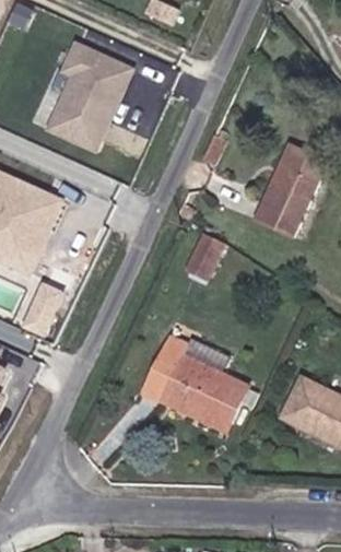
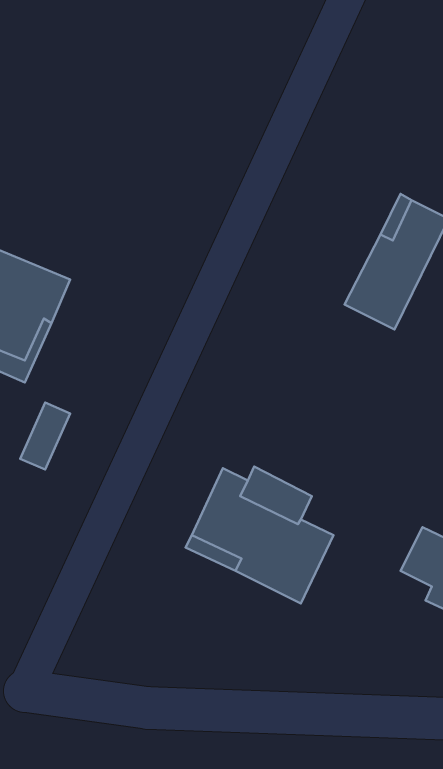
building: [47,49,128,151] -> none
building: [184,228,221,275] -> none

